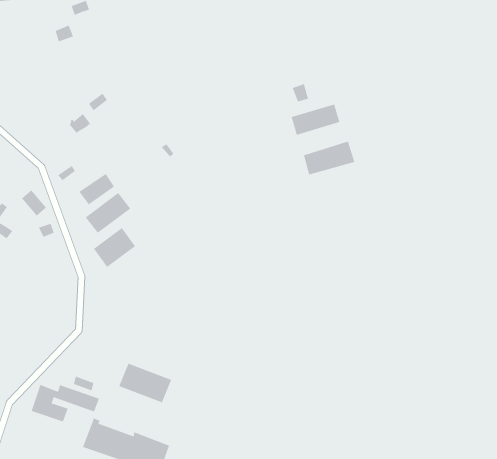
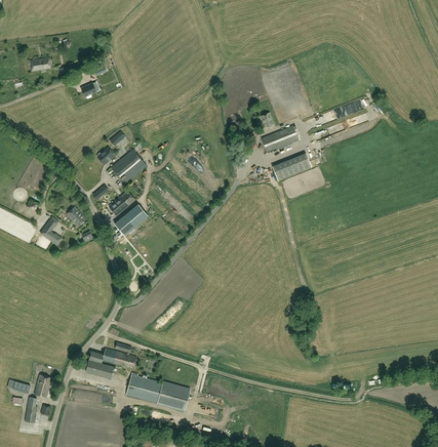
building: none -> [111,150,147,185]
building: [93,227,136,268] -> none
building: [118,363,172,403] -> none

